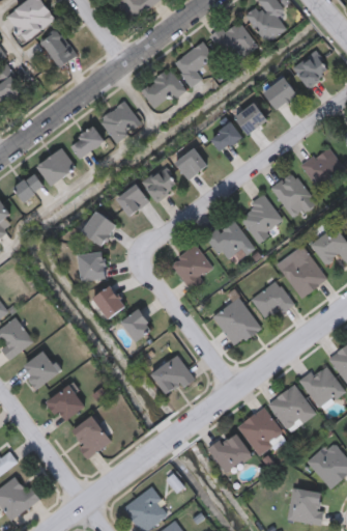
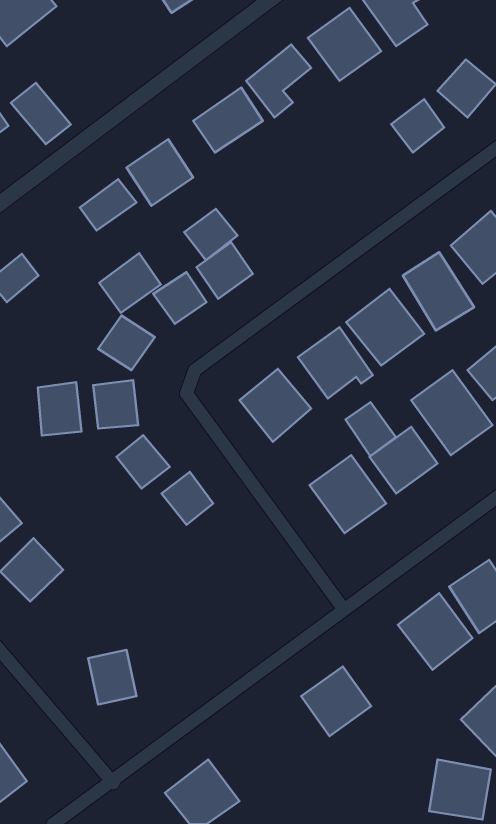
building: [39,29,77,67] -> [11,83,71,144]
building: [235,102,268,134] -> none
building: [211,121,241,150] -> none
building: [37,147,76,185] -> [99,253,161,313]
building: [175,147,208,179] -> [184,209,237,260]
building: none -> [38,382,82,436]
building: none -> [345,402,396,456]
building: [153,358,192,393] -> none
building: [47,385,85,422] -> none
building: [238,408,284,452] -> none

